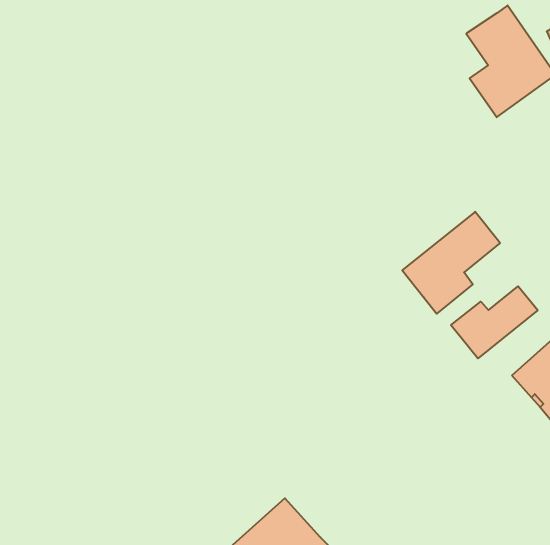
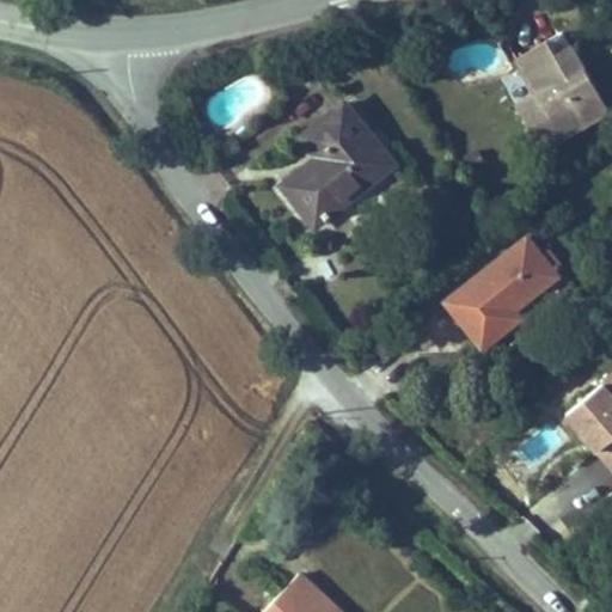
building: none -> [279,104,384,228]
building: [451,286,538,358] -> none

